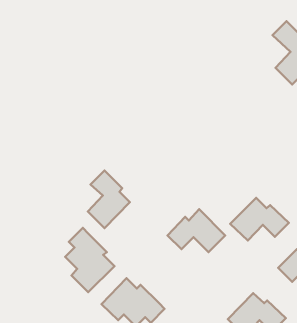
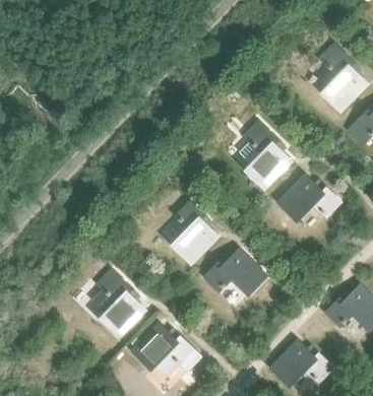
building: none -> [238,122,291,190]
building: [88,170,130,228] -> [172,202,217,265]
building: [230,198,289,241] -> [276,175,340,221]

